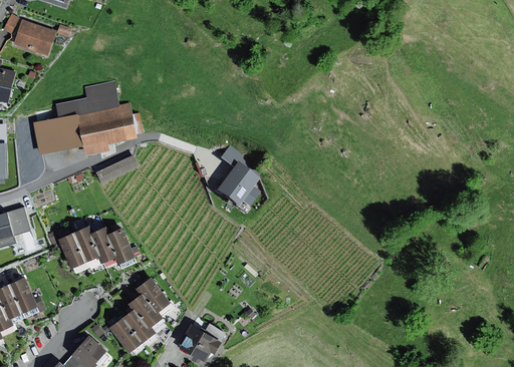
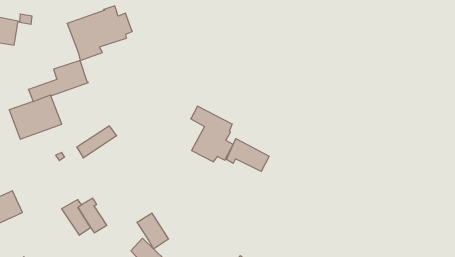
building: [77,103,144,154] -> [67,6,132,60]
building: none -> [226,139,269,171]
building: [105,228,136,265] -> [137,213,169,249]
building: [58,233,85,269] -> none

